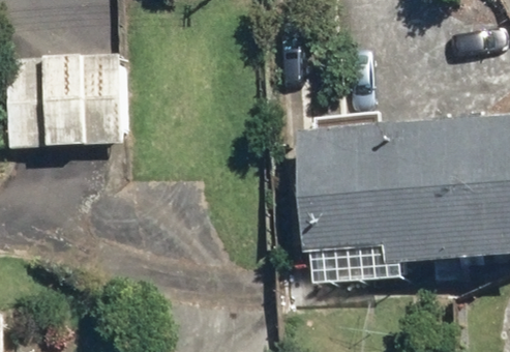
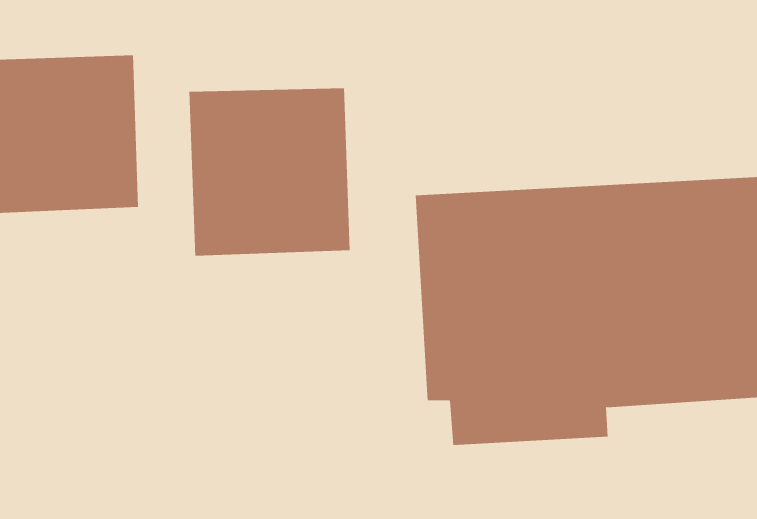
building: none -> [189,87,350,256]

